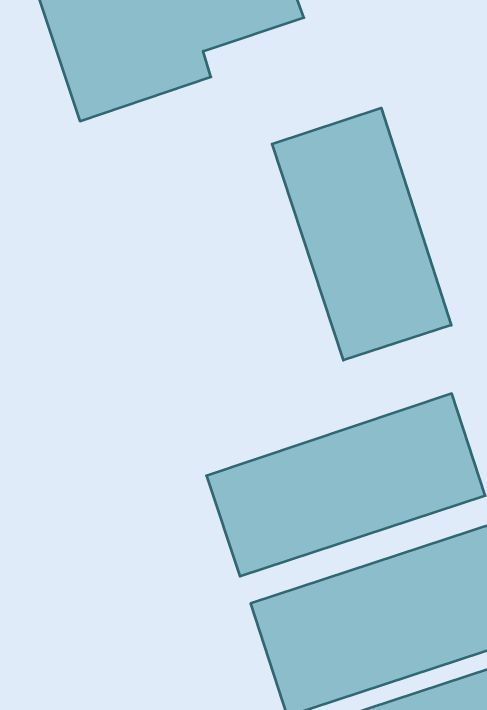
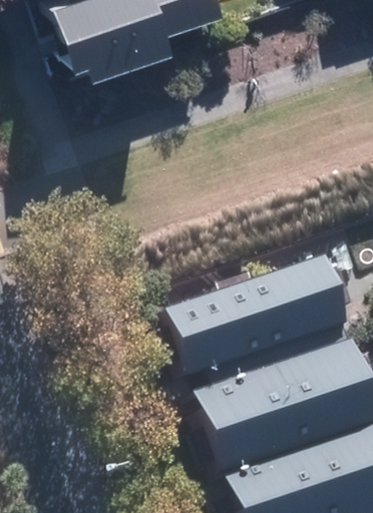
building: [272,108,451,360] -> none

